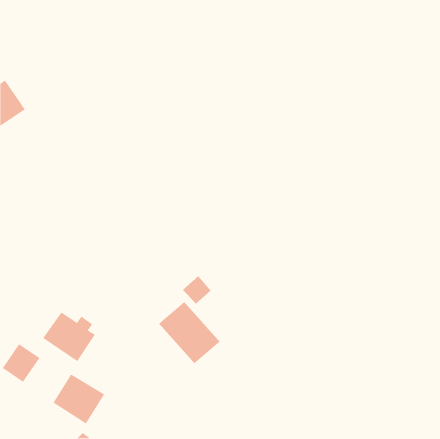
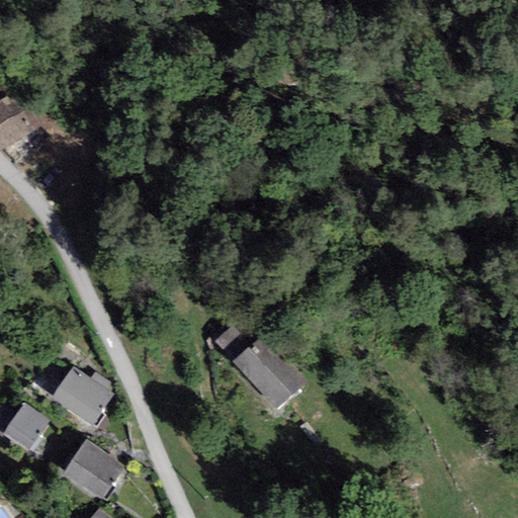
building: [158,301,220,364] -> [233,335,306,409]

